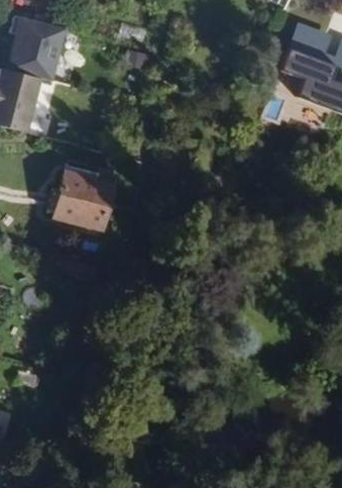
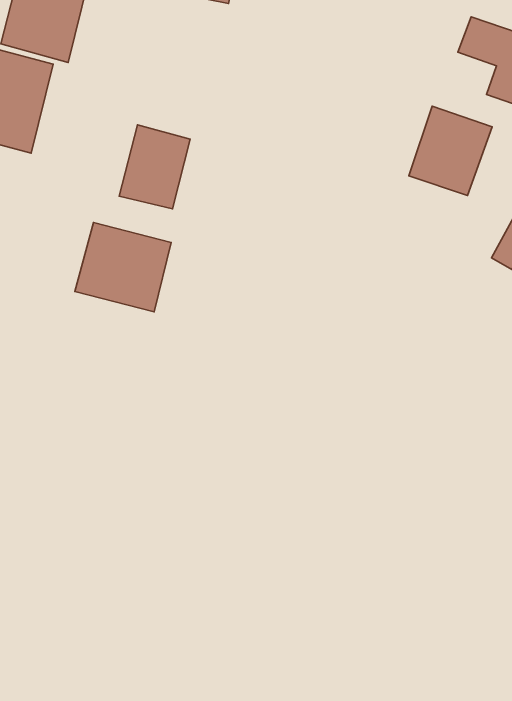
building: none -> [409,106,492,196]
building: none -> [119,125,190,209]

